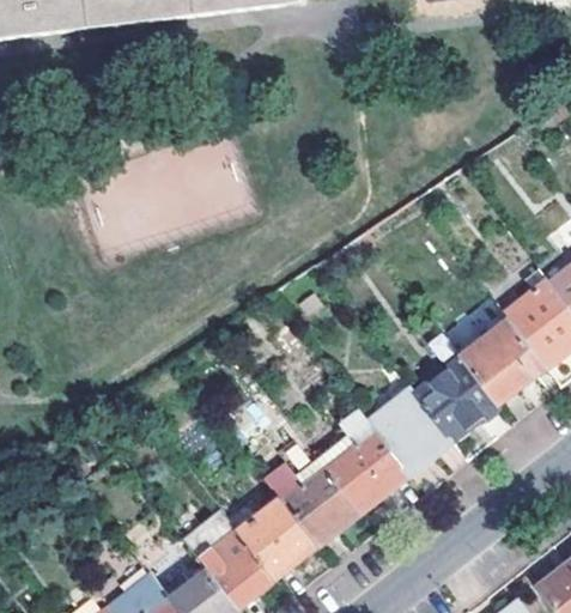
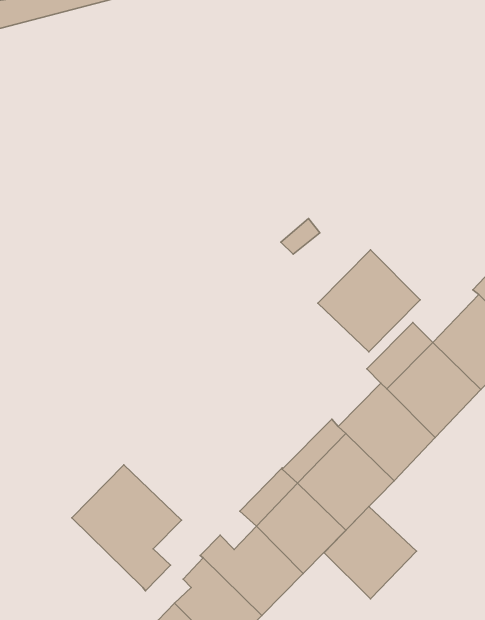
building: none -> [318,250,420,352]
building: none -> [72,465,182,591]
building: none -> [324,506,417,599]

